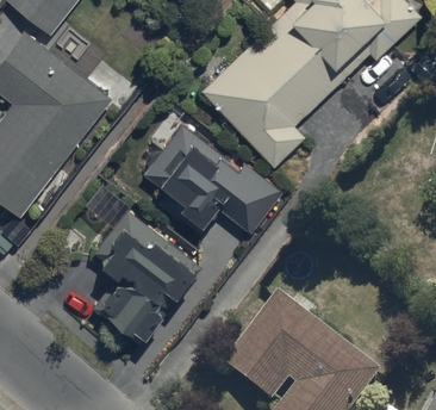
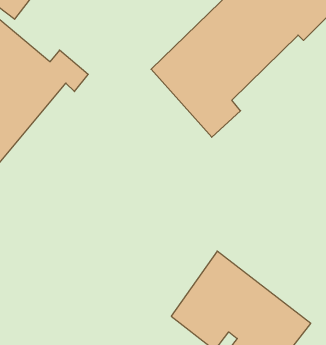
building: [141,116,282,234] -> none
building: [85,182,200,344] -> none

